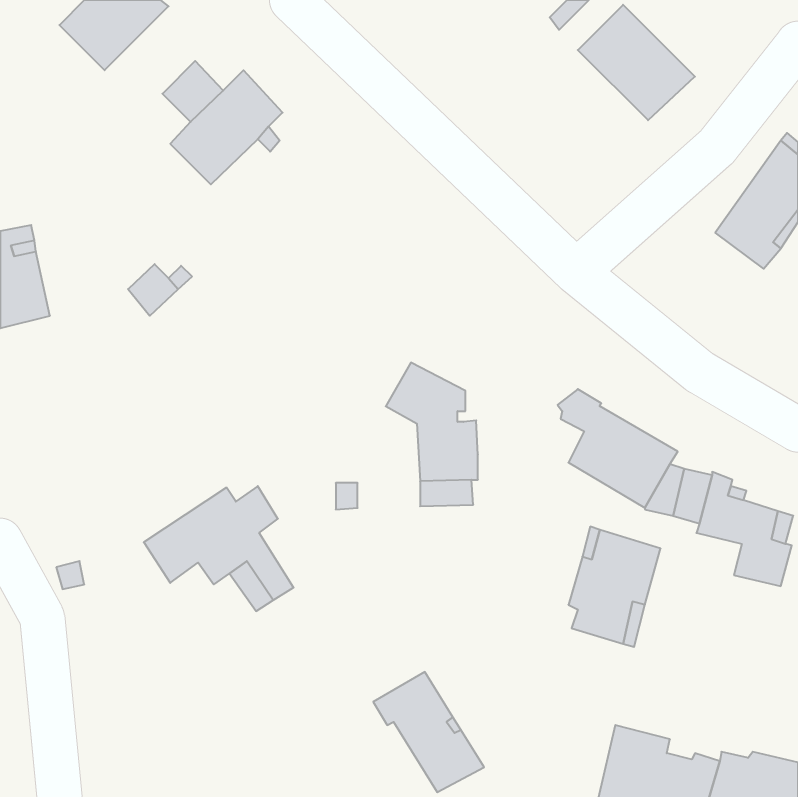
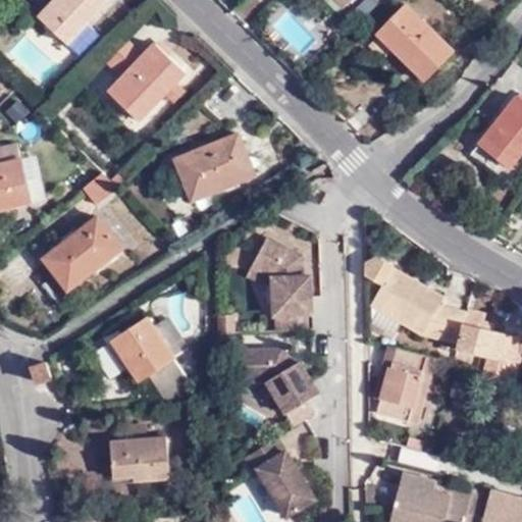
building: none -> [171,135,254,202]
building: none -> [42,214,120,286]
building: none -> [241,350,317,416]
building: none -> [110,437,167,481]

